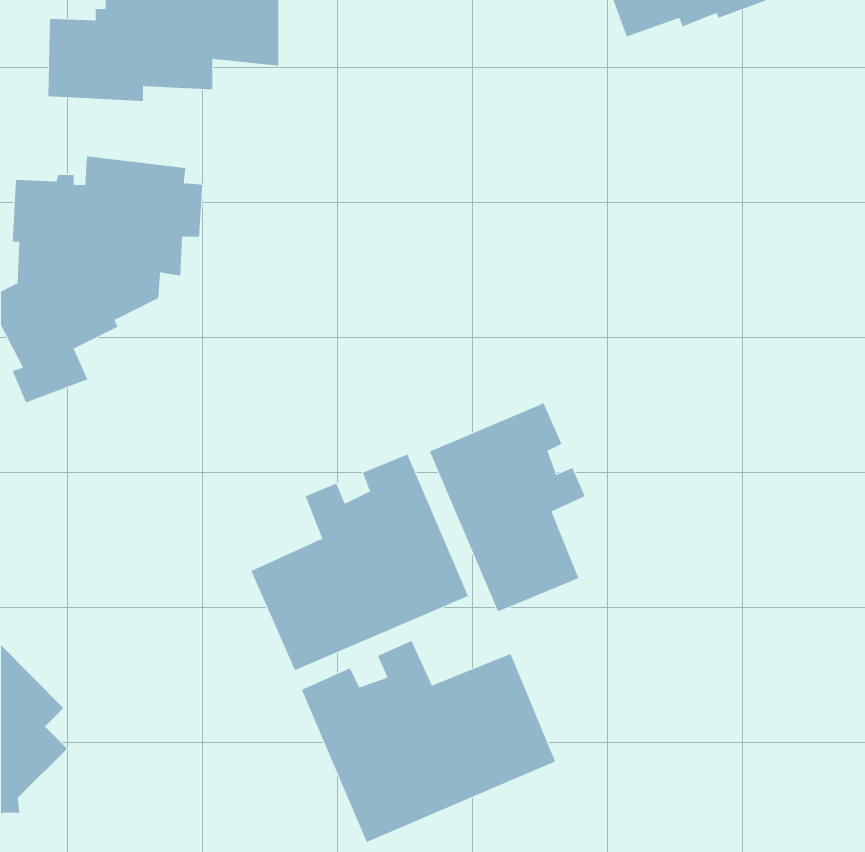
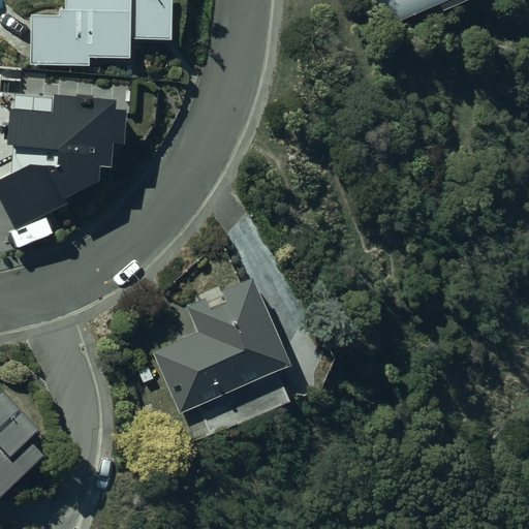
building: [429,403,585,612] -> none
building: [301,640,556,843] -> none

